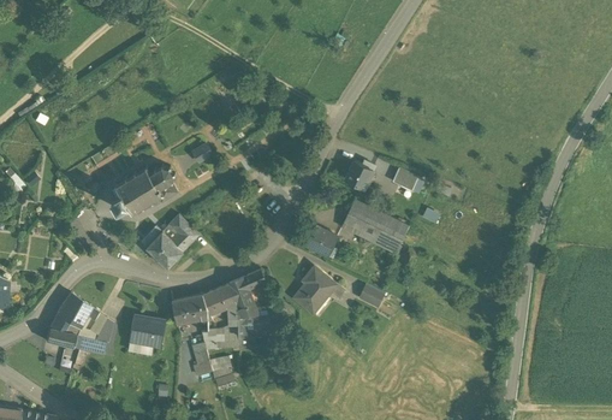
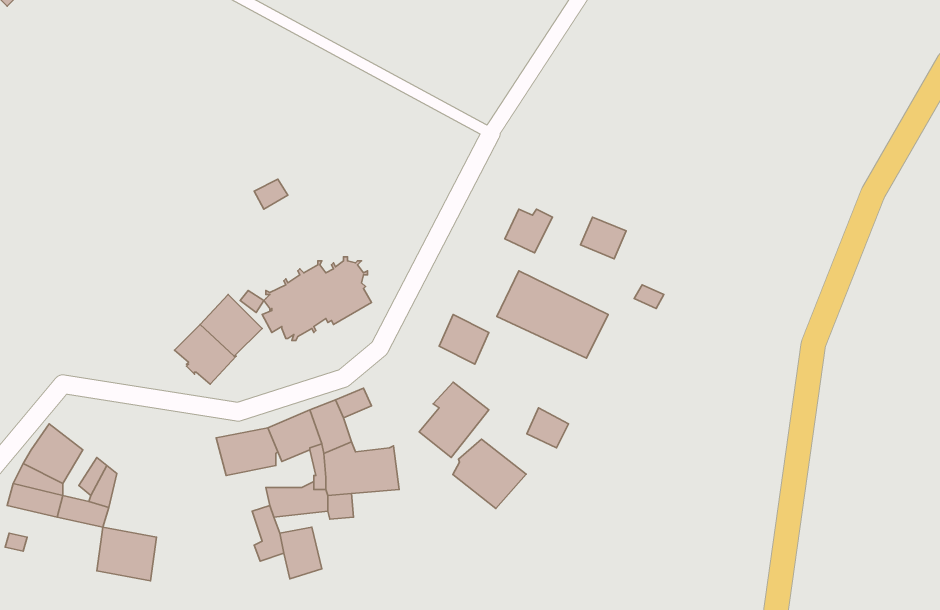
building: [111,165,177,215] -> [262,257,371,340]
building: none -> [453,439,526,508]
building: [129,314,165,347] -> [97,527,157,581]

